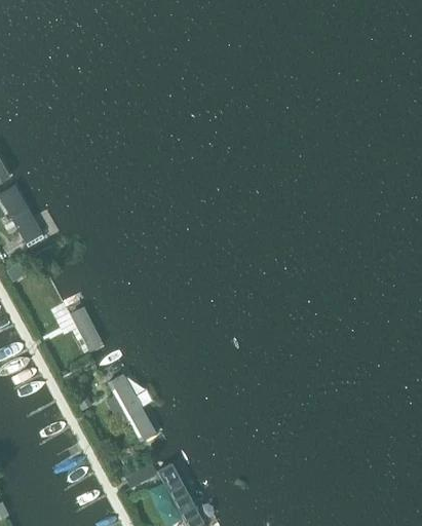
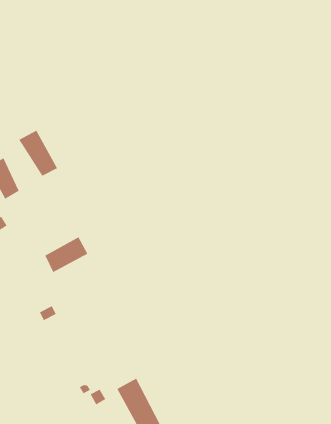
building: none -> [19,130,58,177]
building: [107,374,157,437] -> none

